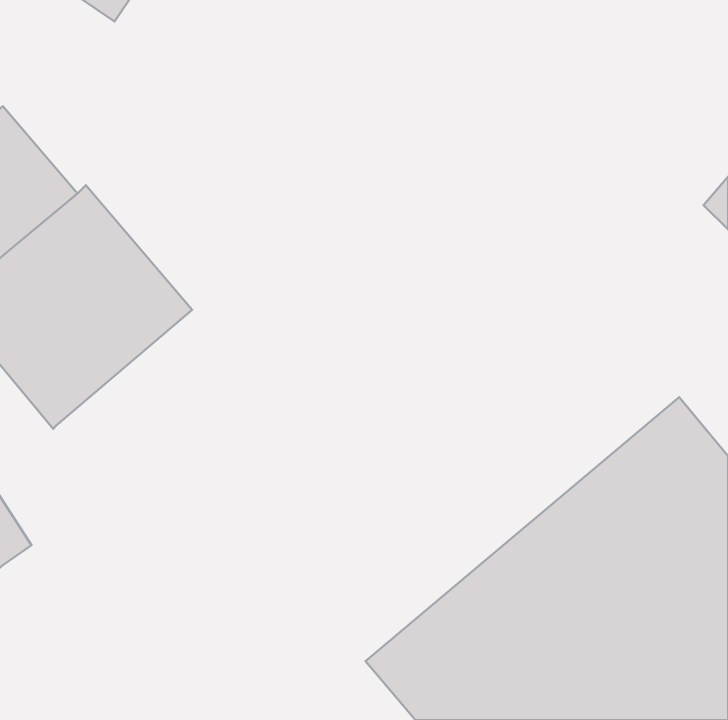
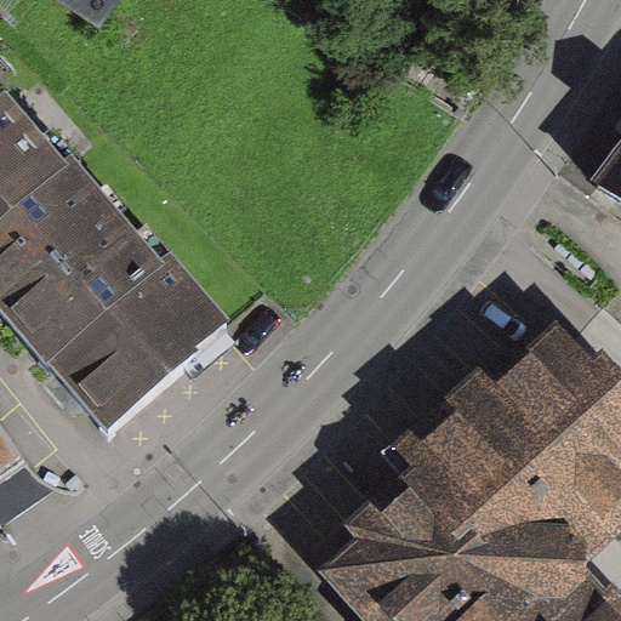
building: none -> [47,255,226,428]

